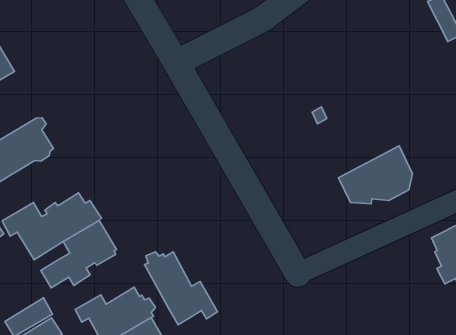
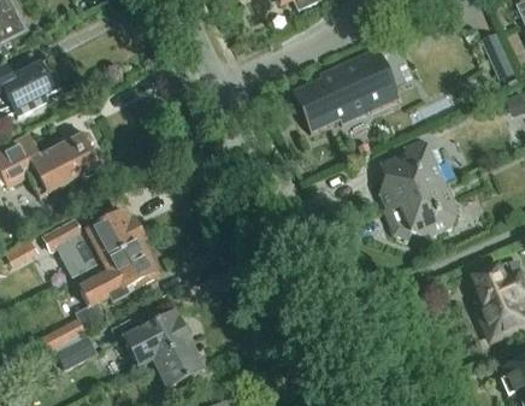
building: none -> [290,46,400,133]
building: none -> [377,140,444,210]
building: [144,252,217,325] -> none

